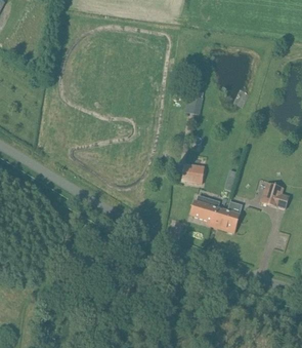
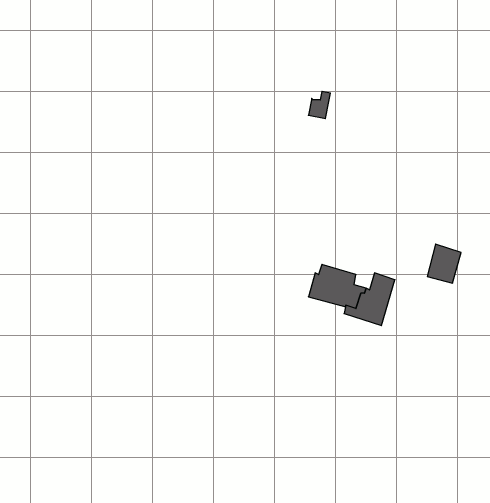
building: [181,163,205,184] -> none

